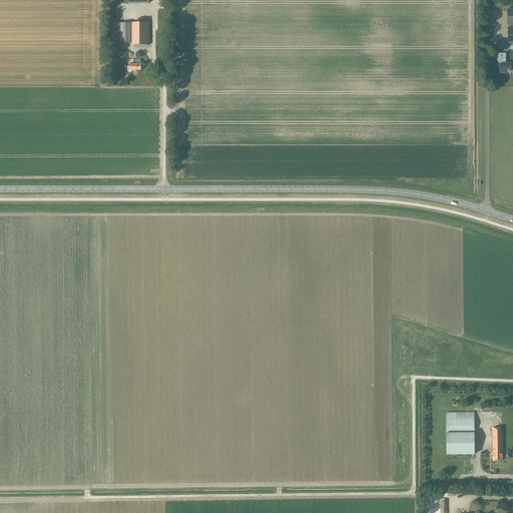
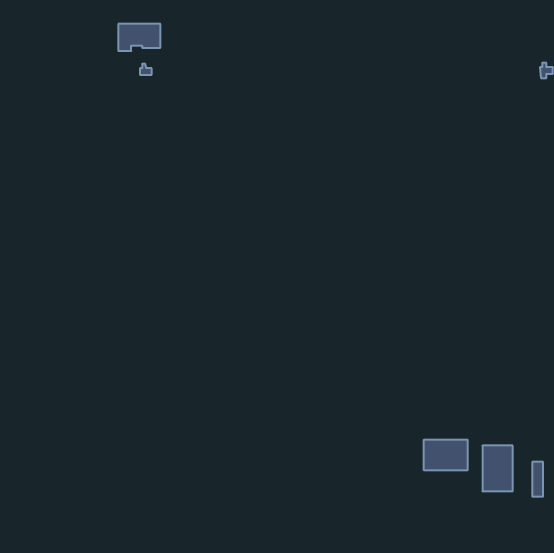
building: none -> [424,440,467,470]

